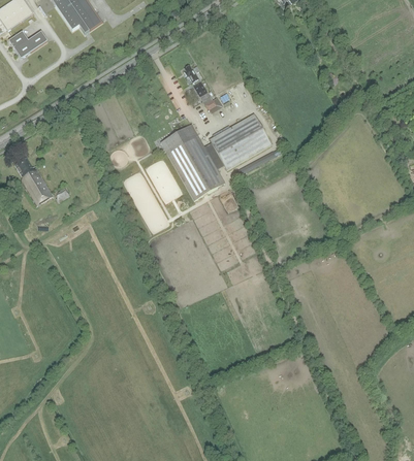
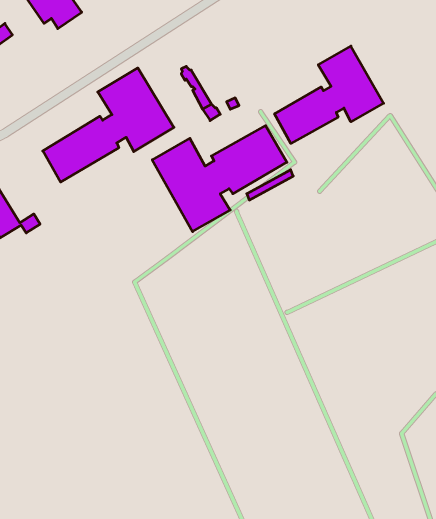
building: none -> [275,46,384,143]
building: none -> [43,68,174,182]

